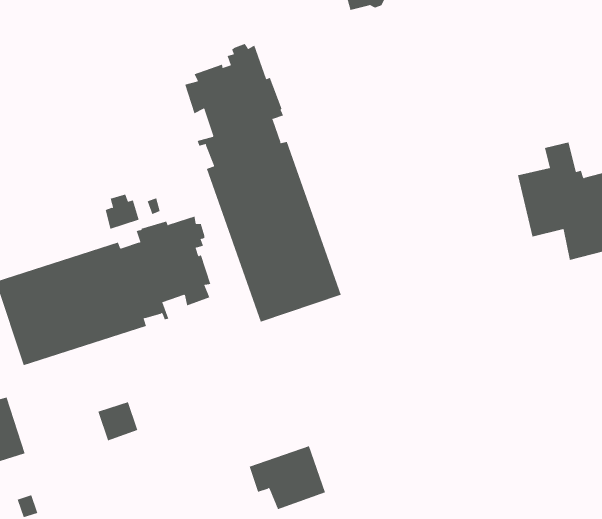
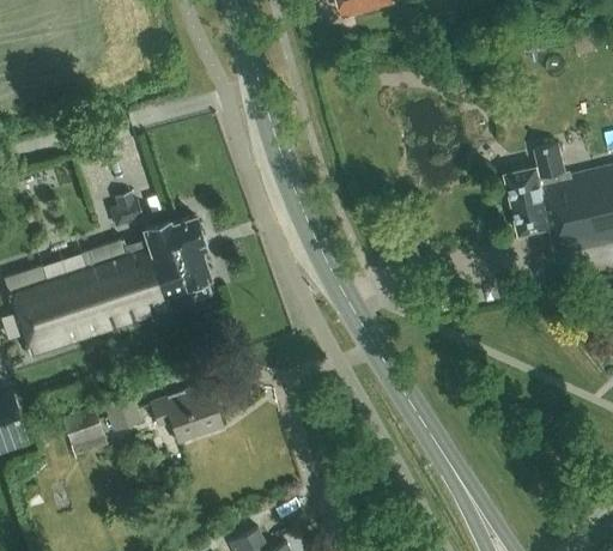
building: [185,43,342,323] -> none
building: none -> [61,407,105,454]
building: [249,445,326,510] -> [148,382,223,444]

